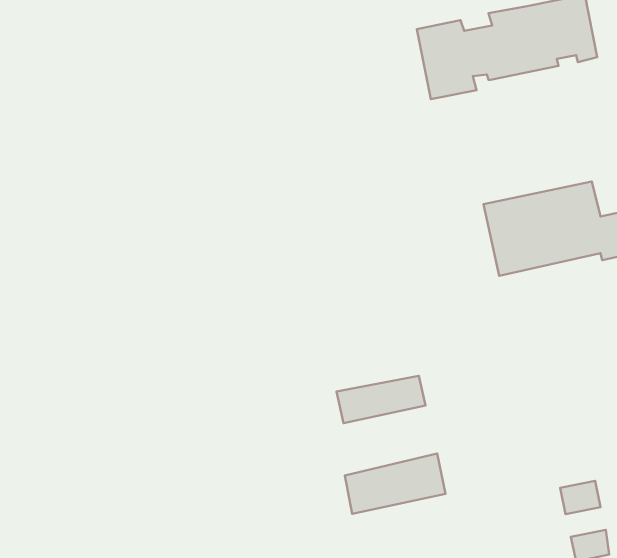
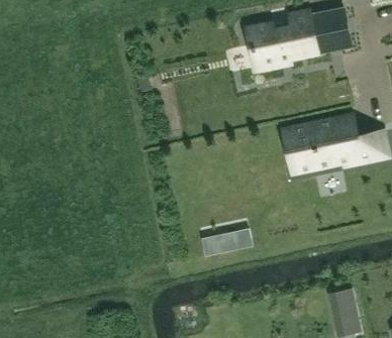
building: [345,453,445,514] -> none

